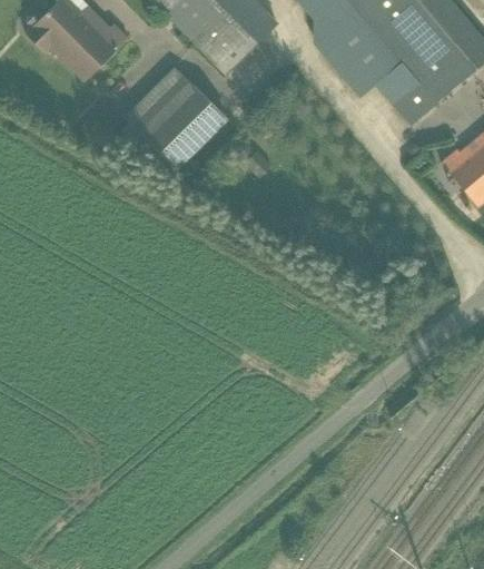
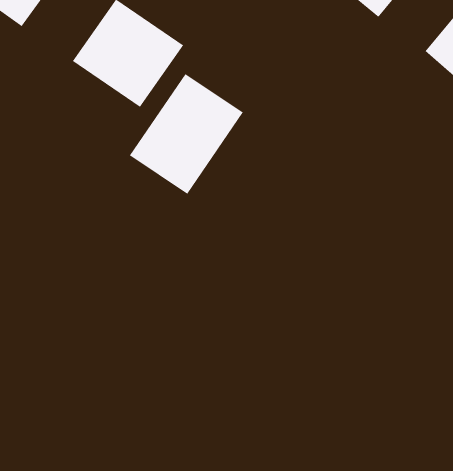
building: none -> [129,73,244,195]

